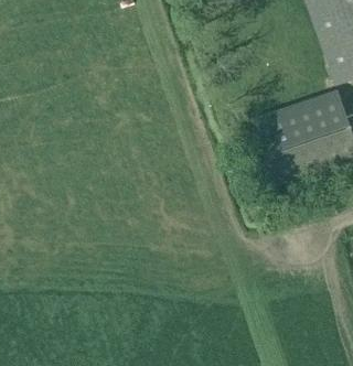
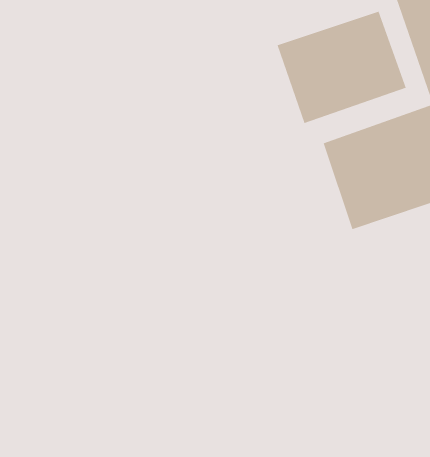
building: none -> [277,11,406,124]

